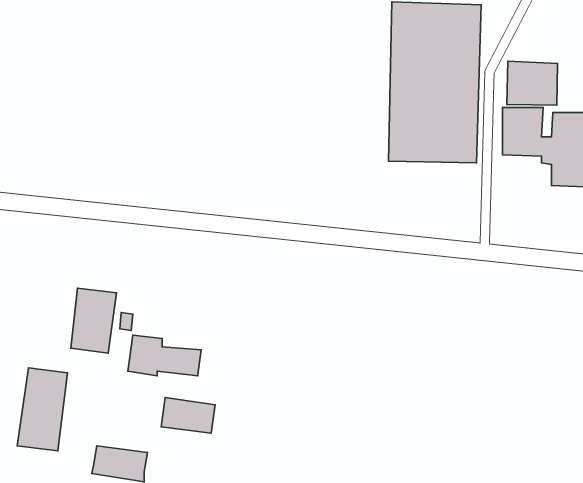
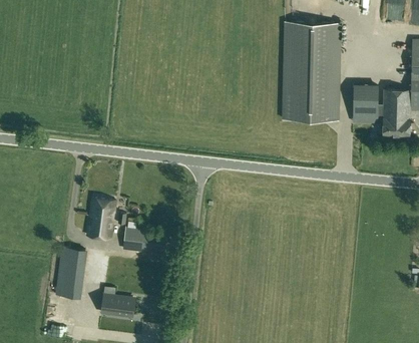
building: [507,61,557,105] -> none
building: [161,397,215,433] -> none

